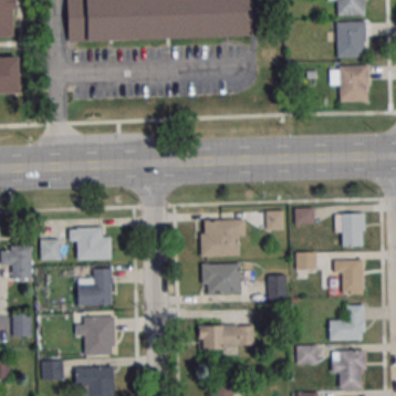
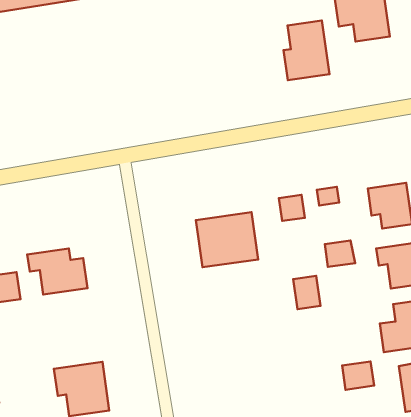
building: none -> [284,21,330,80]
building: [202,264,241,294] -> none
building: [77,269,113,305] -> none
building: [199,325,254,350] -> none

